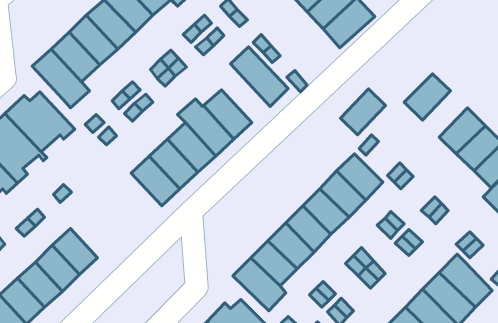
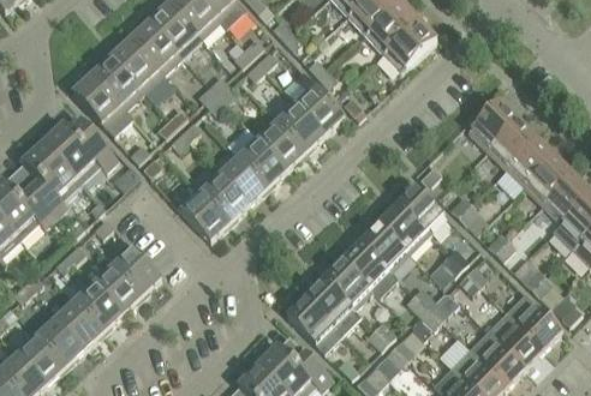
building: none -> [273,90,324,152]
building: [340,89,386,135] -> [486,119,535,168]
building: none -> [106,240,160,296]

